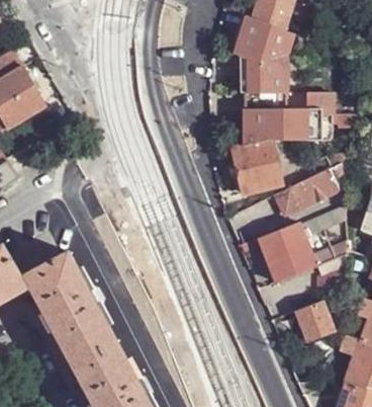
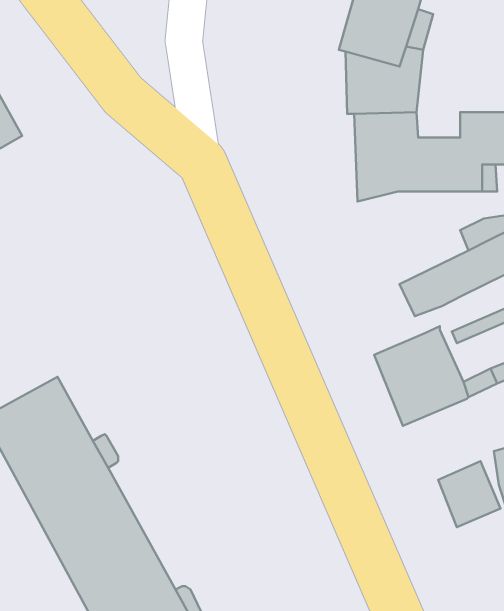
building: [234,140,282,193] -> none

